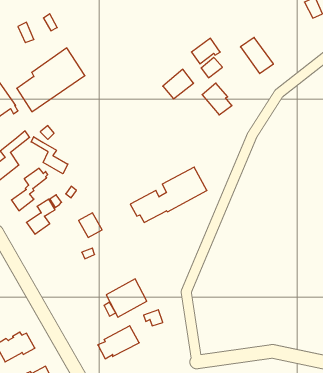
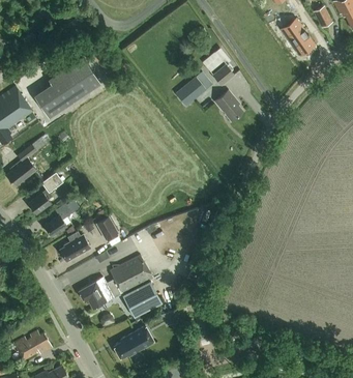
building: [240,37,273,74] -> [284,19,316,54]
building: [31,137,68,174] -> none
building: [130,167,207,222] -> [79,255,153,309]
building: none -> [60,233,90,262]

